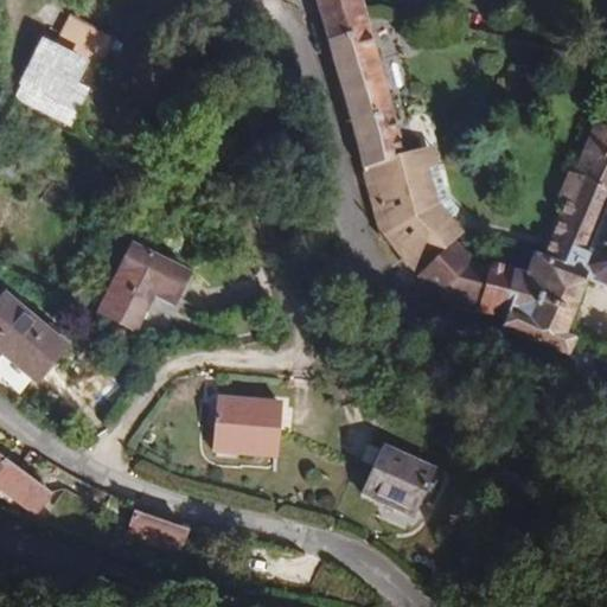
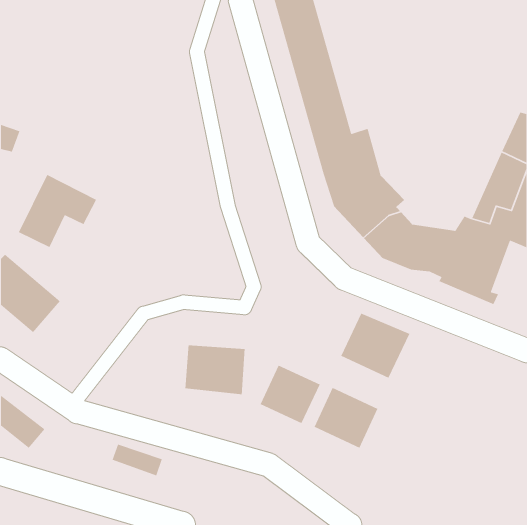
building: [15,11,115,123] -> none
building: [100,243,191,328] -> [18,174,97,248]
building: none -> [340,313,410,379]
building: none -> [259,364,321,424]

